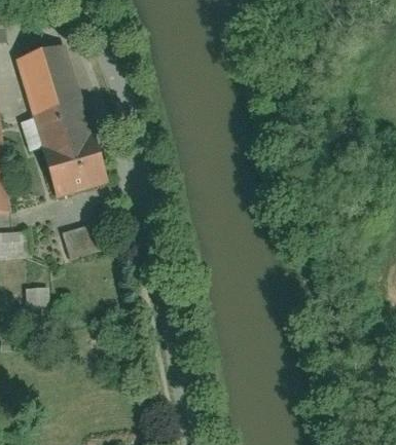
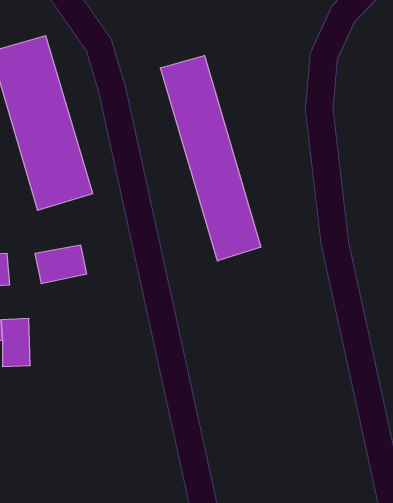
building: none -> [160,55,261,261]

